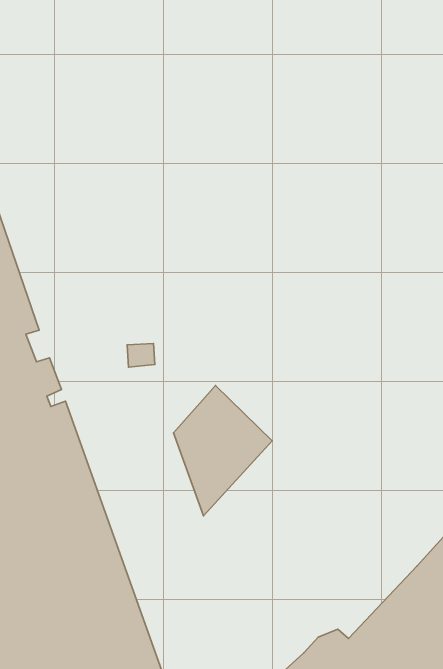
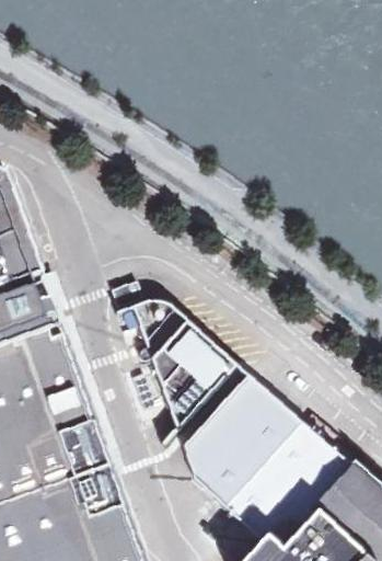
building: none -> [181,380,354,546]

